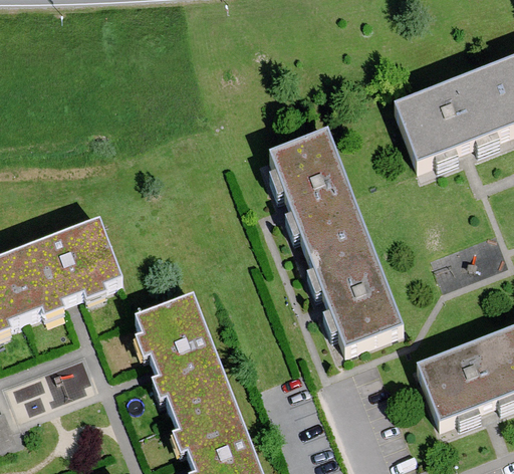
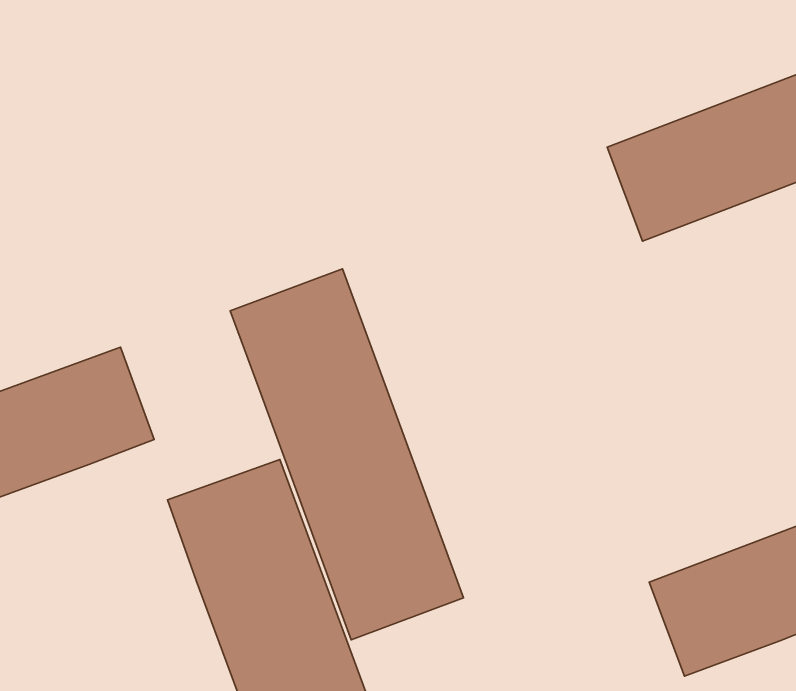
building: [264,131,404,352] -> [230,269,463,640]

